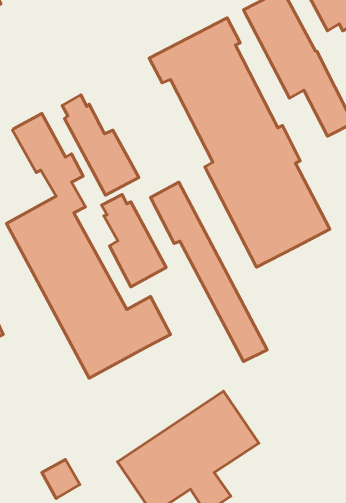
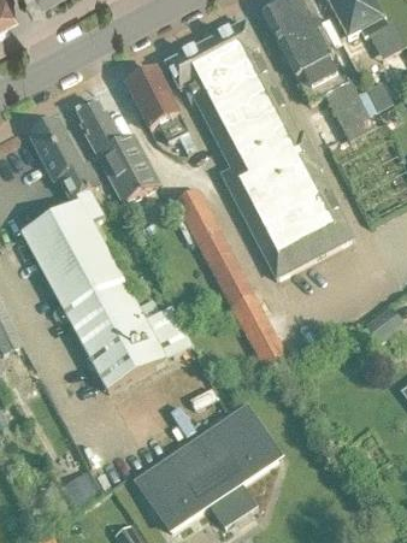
building: none -> [128,71,188,143]
building: [101,194,166,287] -> none

